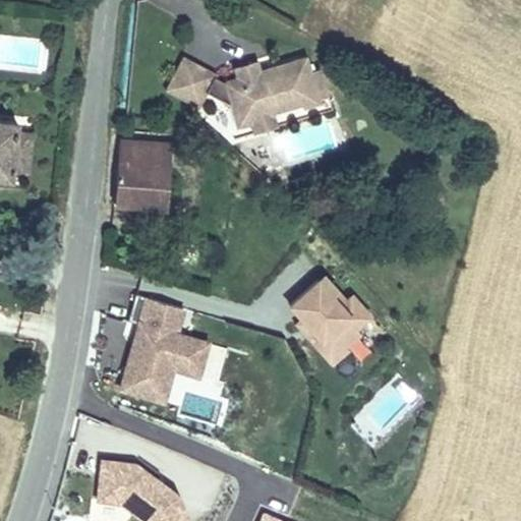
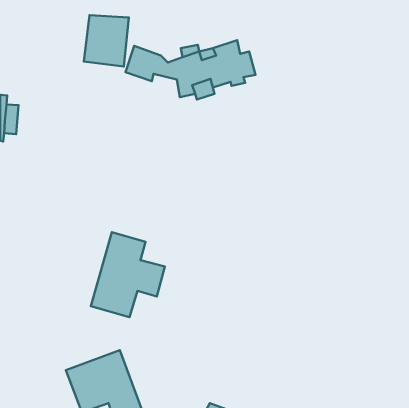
building: [120,141,177,207] -> [84,15,129,66]
building: [289,287,379,374] -> none

